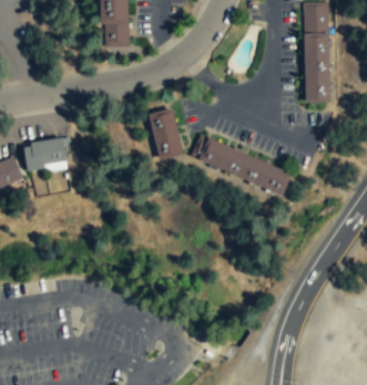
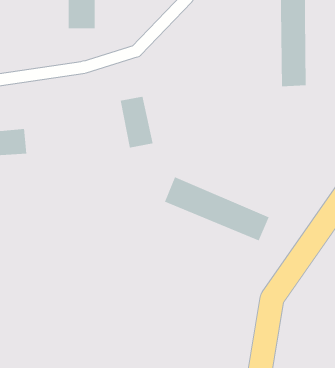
building: [191,134,292,196] -> [164,176,270,241]

